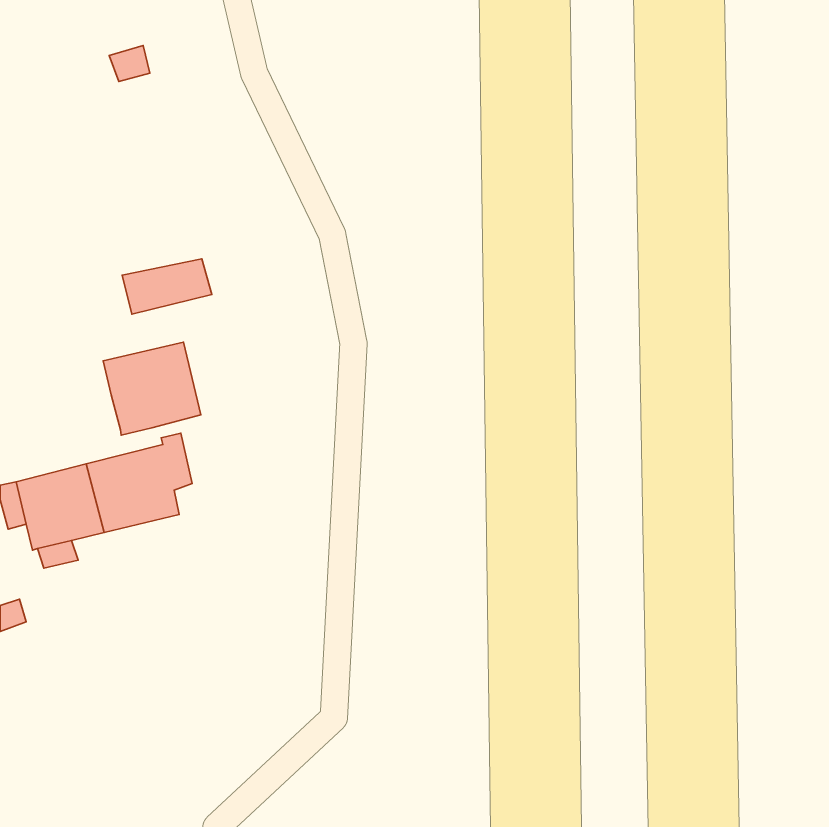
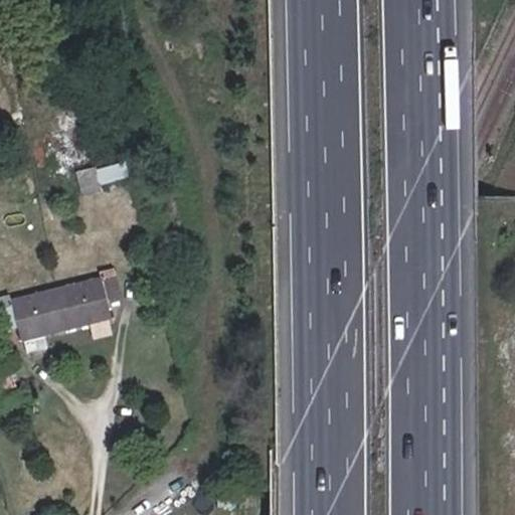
building: [103,342,201,435] -> none

